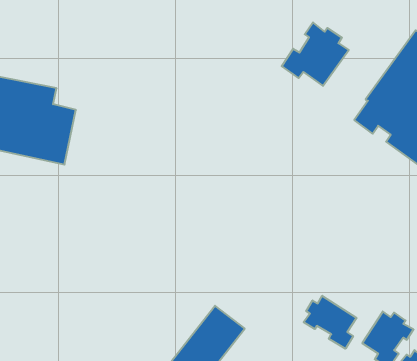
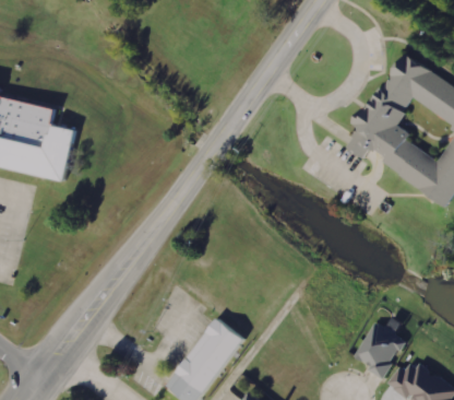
building: [282,22,349,86] -> none
building: [304,296,356,349] -> none

